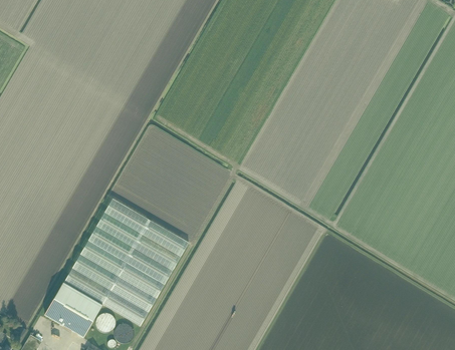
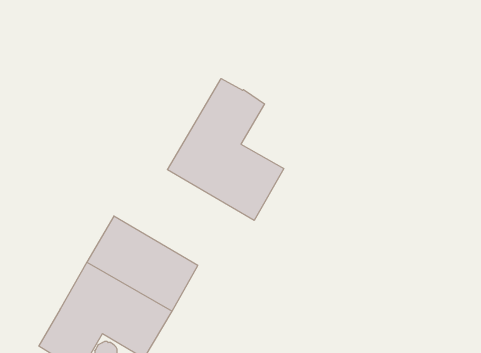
building: none -> [167,79,284,220]

